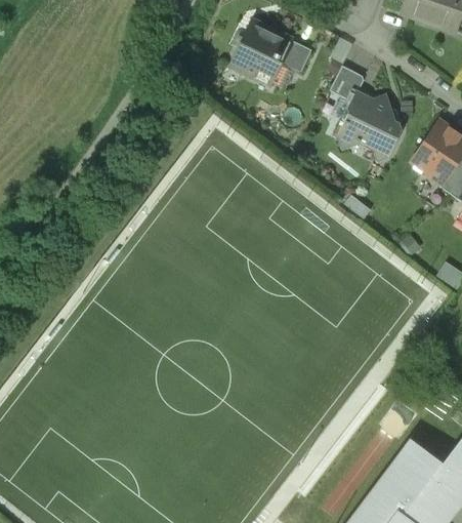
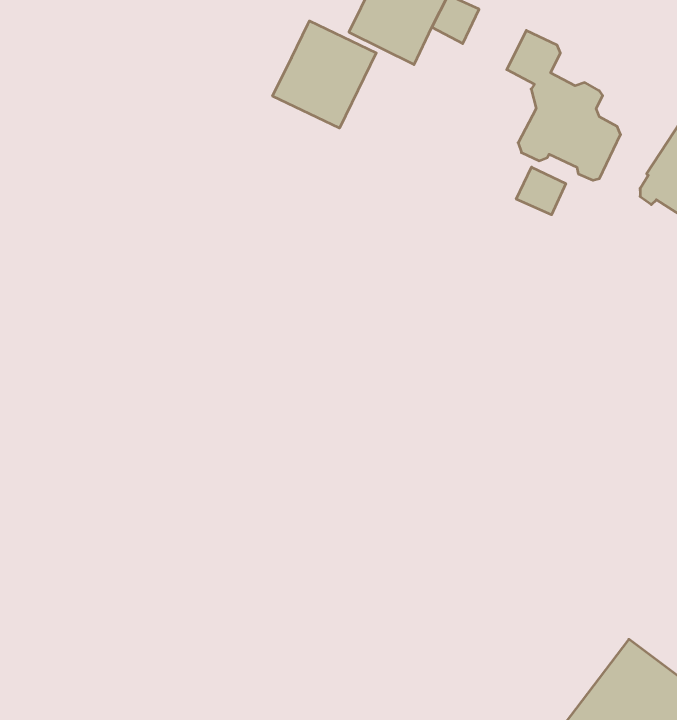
building: none -> [273,21,376,128]
building: none -> [516,167,566,215]

